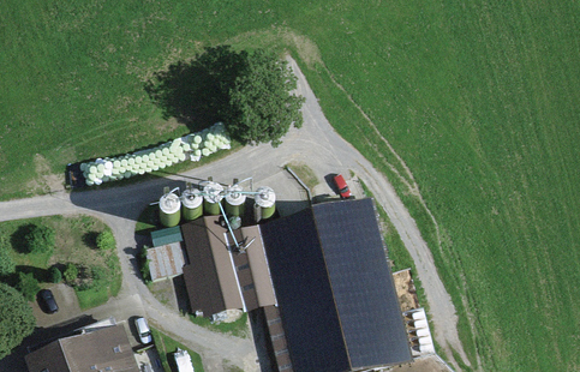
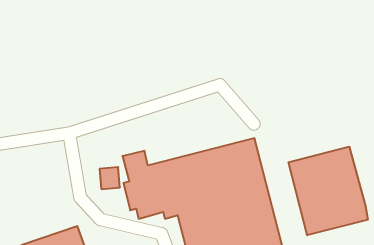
building: none -> [288,147,368,235]

